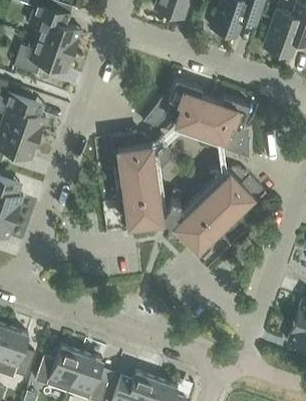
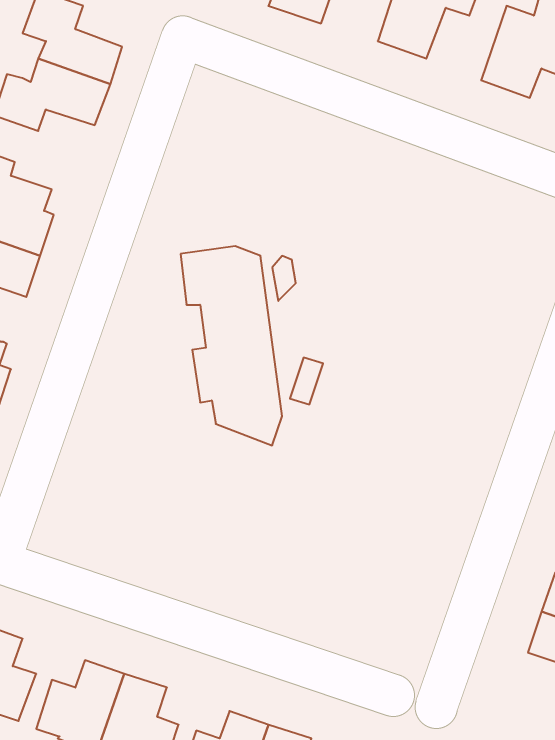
building: [144,80,250,158] -> none
building: [169,166,267,250] -> none

